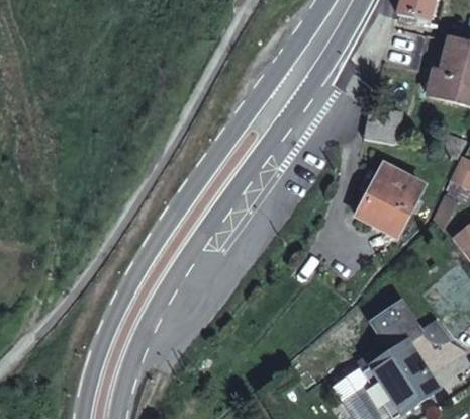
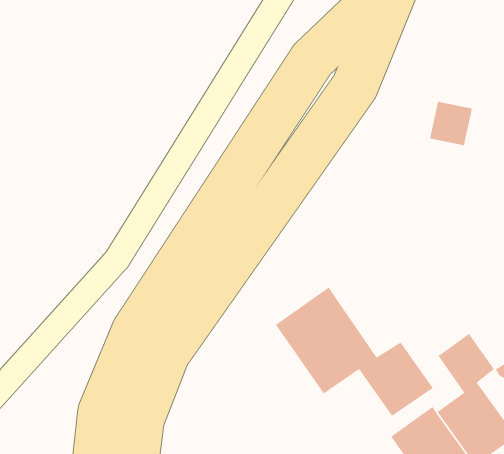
building: [358,166,421,235] -> none
building: none -> [275,287,434,417]

